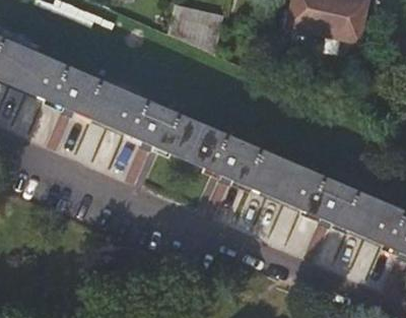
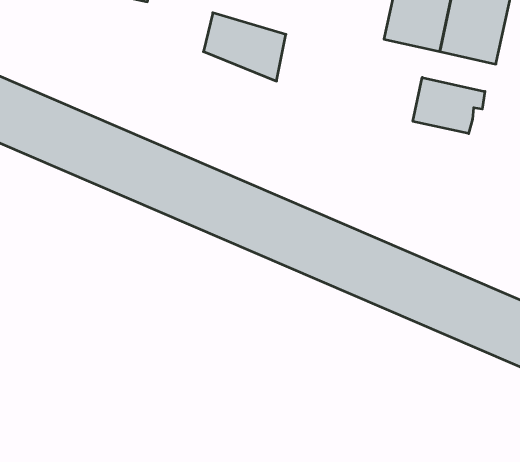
building: none -> [413,77,485,134]

